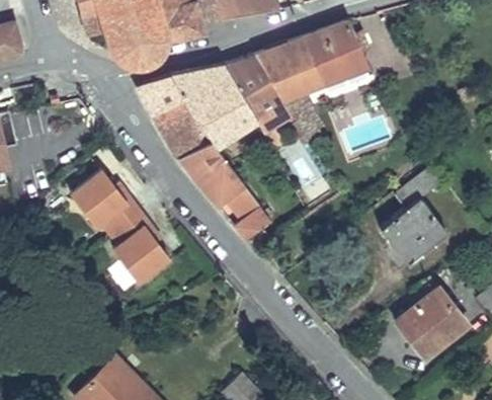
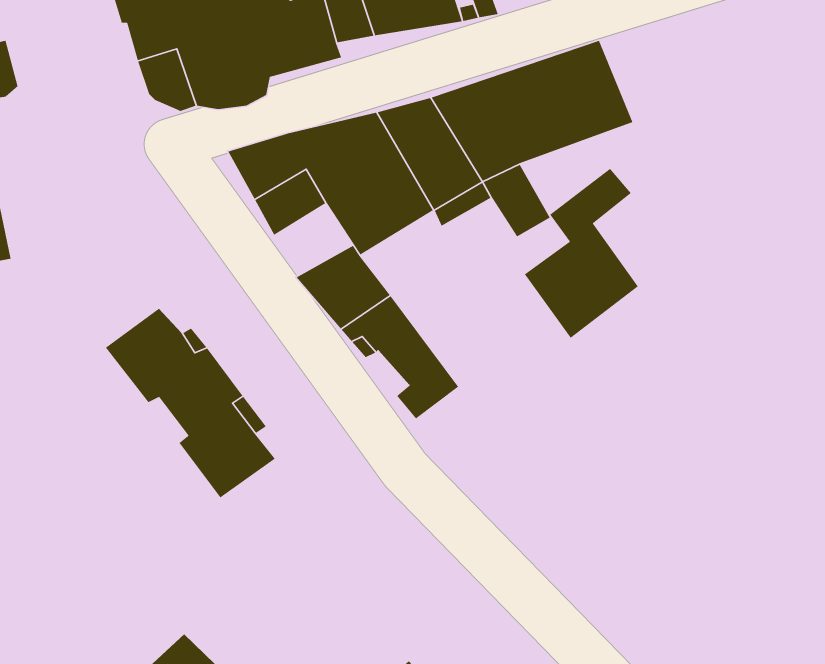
building: [166,115,211,157] -> none
building: [382,168,446,264] -> [524,168,639,339]
building: [397,279,469,356] -> none

